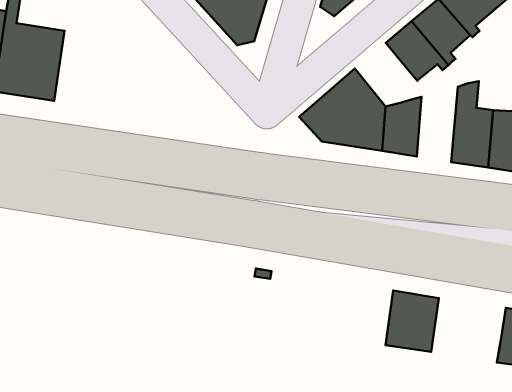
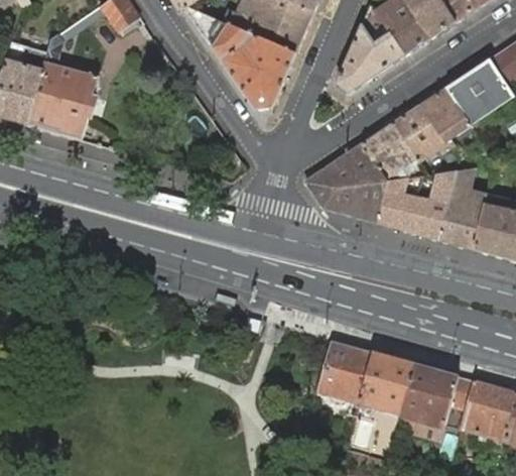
building: none -> [362,123,415,182]
building: none -> [409,171,455,240]
building: none -> [317,340,373,405]
building: none -> [401,364,475,426]

